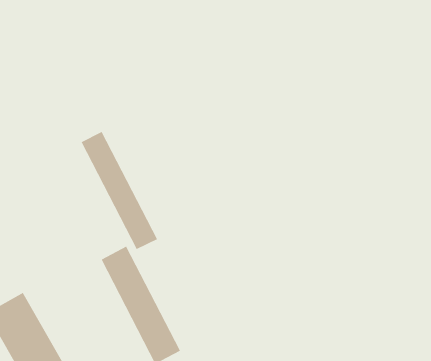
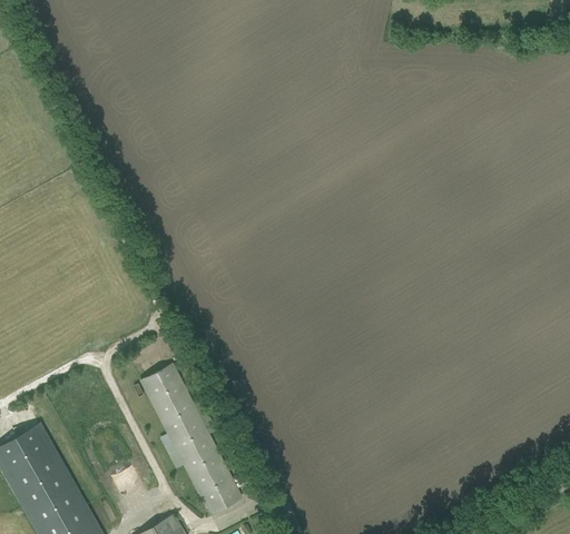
building: [81,131,158,250] -> none

